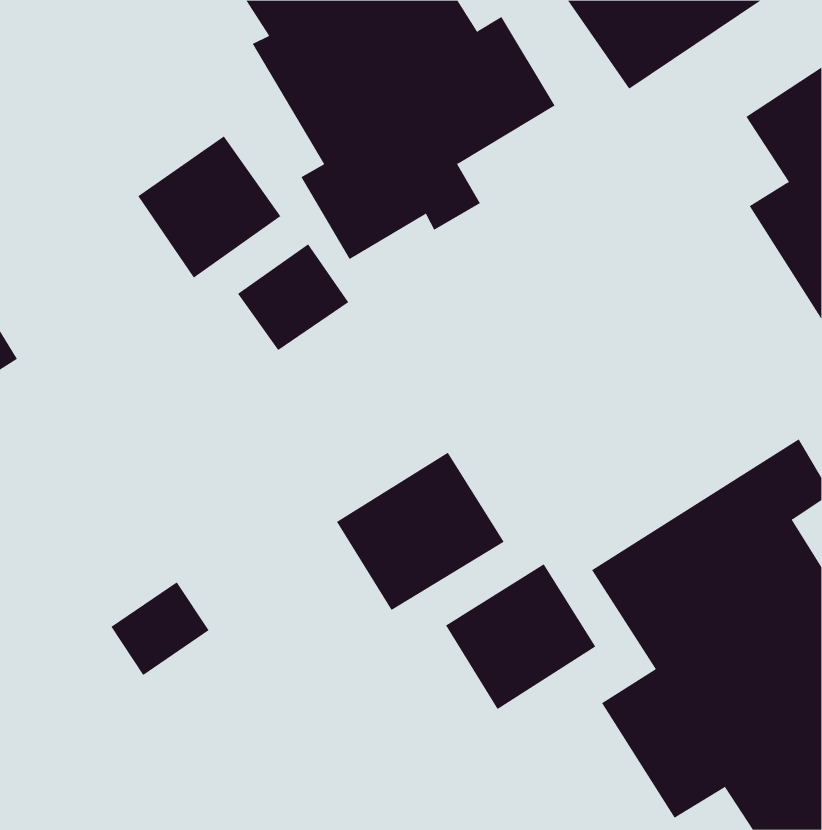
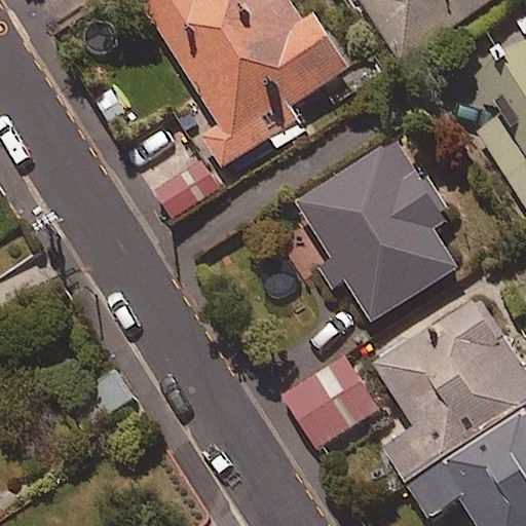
building: [138,135,281,278] -> none
building: none -> [298,139,458,321]
building: [336,452,505,611] -> none

